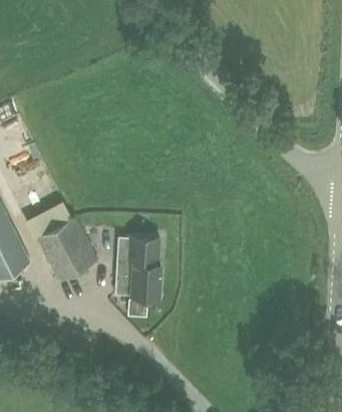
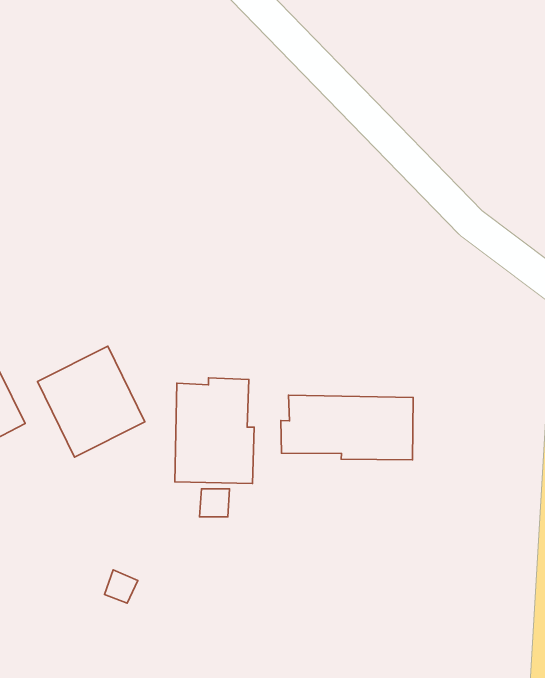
building: none -> [281,395,413,460]

